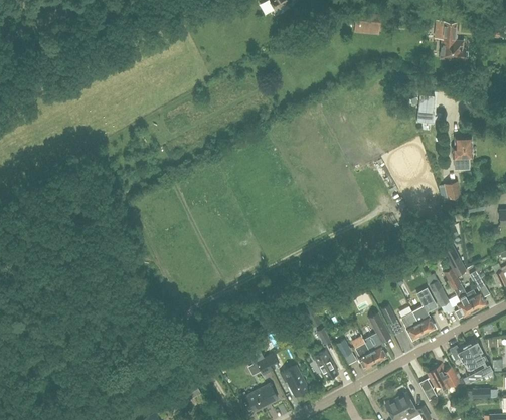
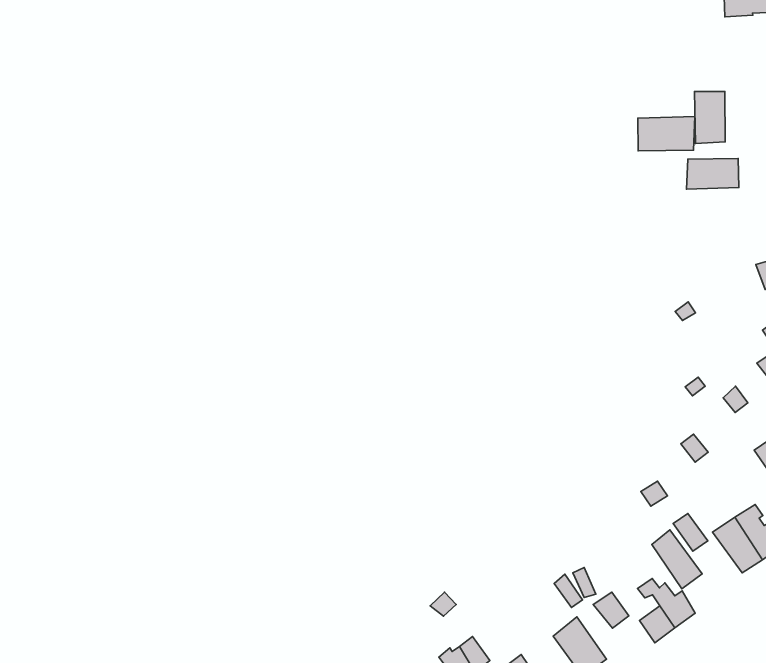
building: none -> [638,117,695,151]
building: none -> [687,158,739,189]

